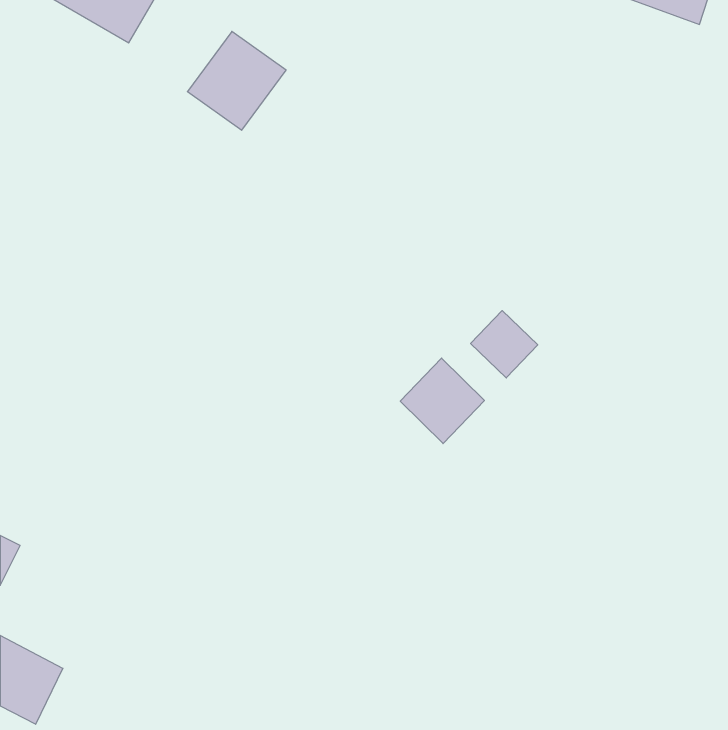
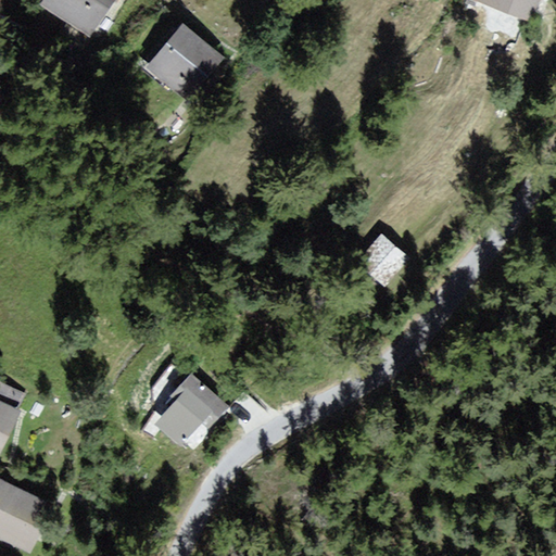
building: [400,358,484,444] -> none
building: none -> [150,379,217,447]

